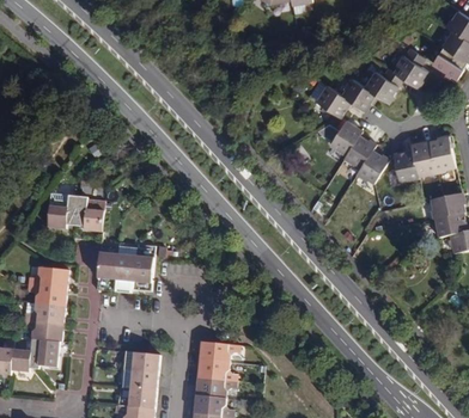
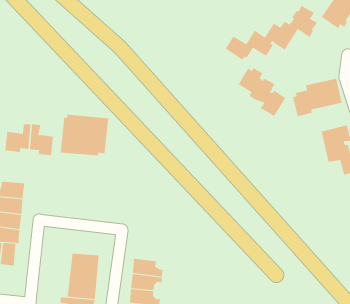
building: [97,241,157,291] -> [60,114,109,156]
building: [201,338,240,359] -> none

